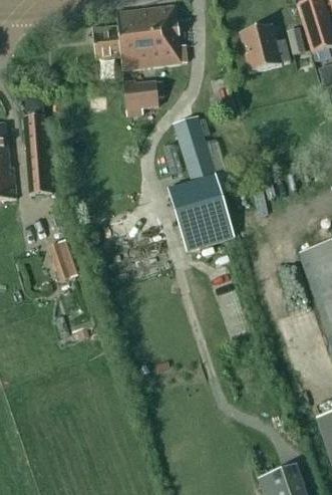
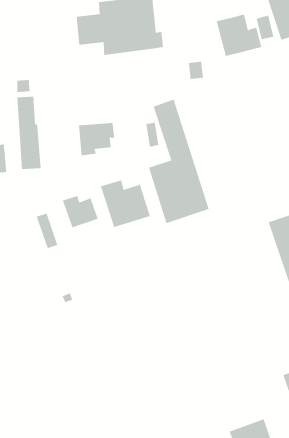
building: [125,82,165,118] -> [78,122,115,156]
building: none -> [100,179,151,228]
building: none -> [62,195,98,228]

